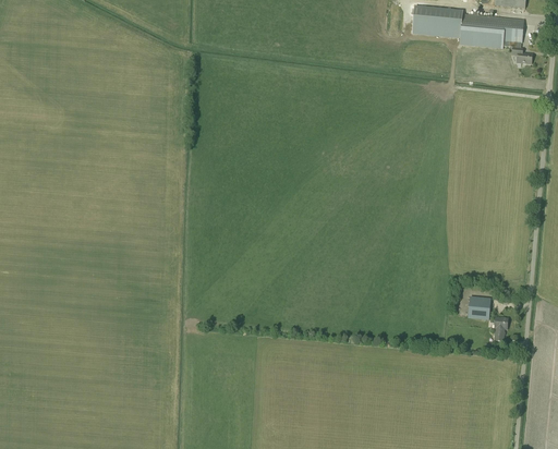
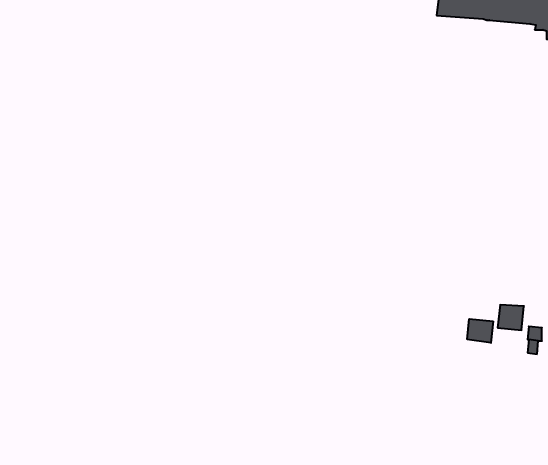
building: none -> [467,319,493,343]

